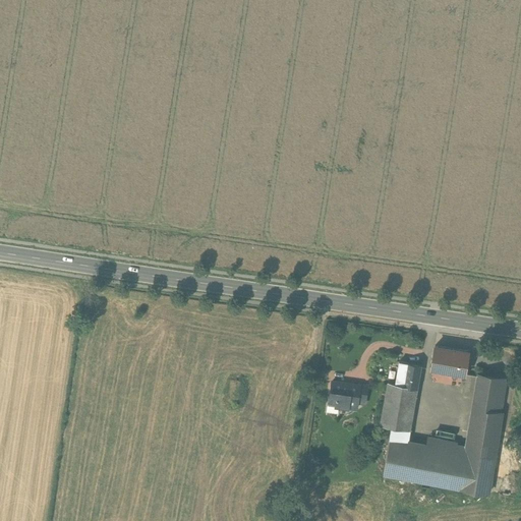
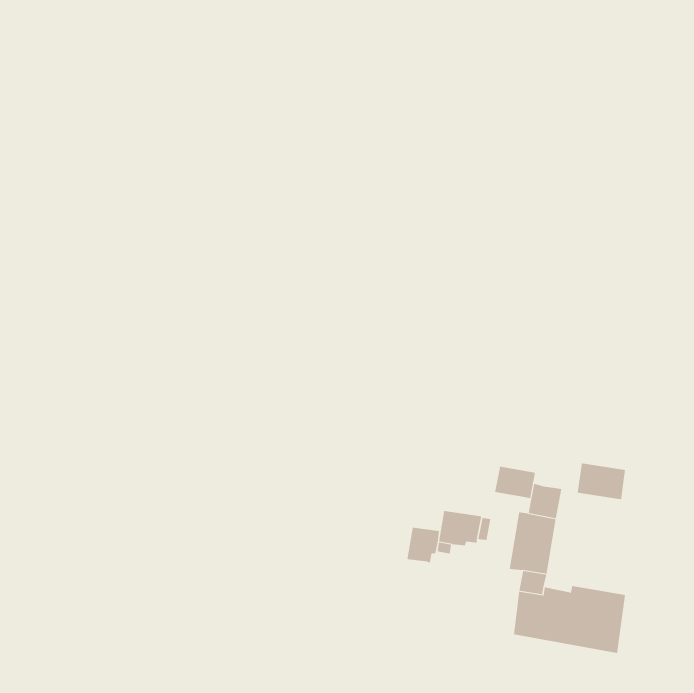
building: none -> [495,466,536,499]
building: [463,377,504,496] -> none
building: none -> [407,527,439,563]

